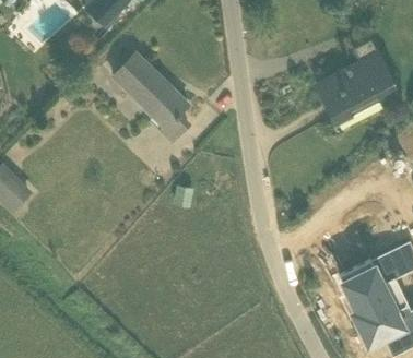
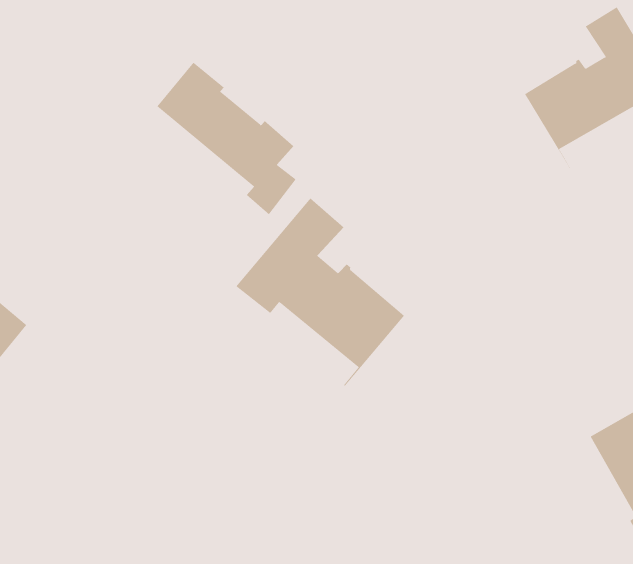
building: none -> [236,197,405,386]

